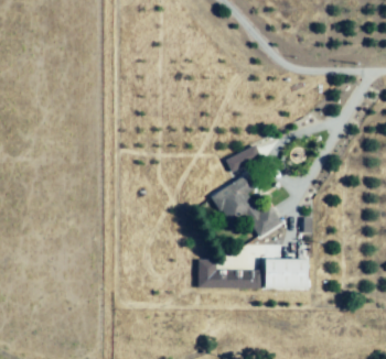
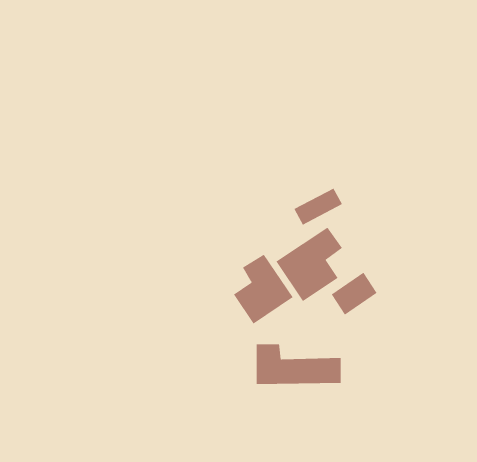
building: none -> [233,254,294,324]
building: [264,260,309,287] -> none

